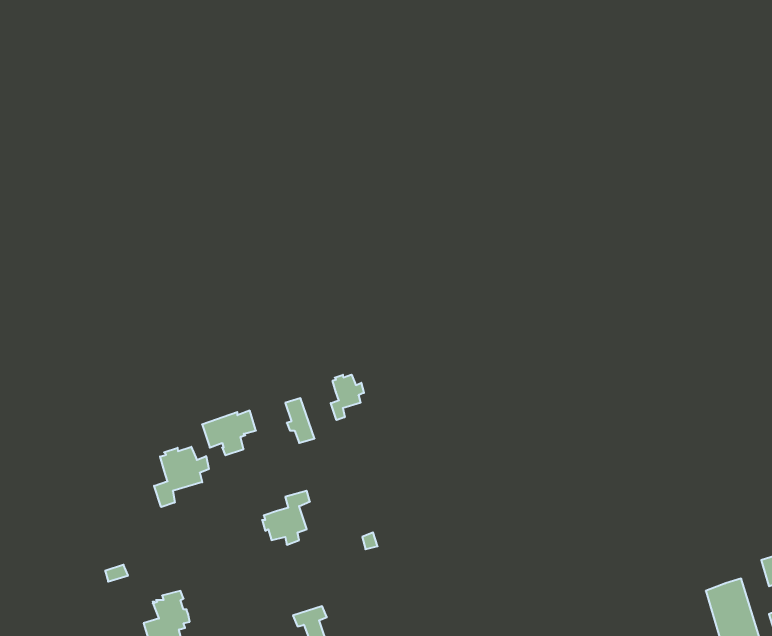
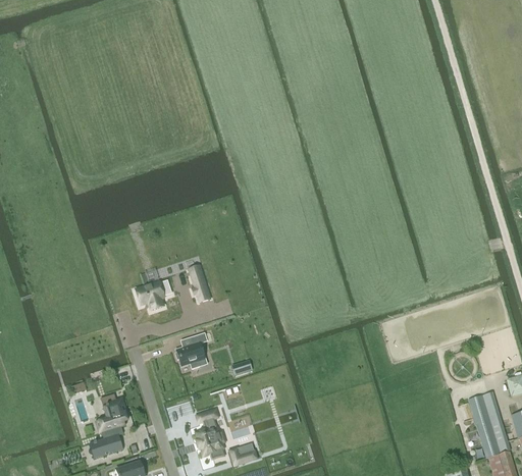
building: [331,375,364,420] -> none
building: [154,447,209,507] -> none

